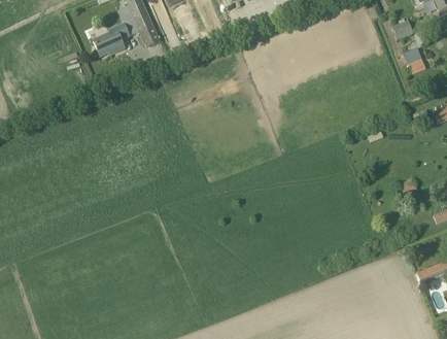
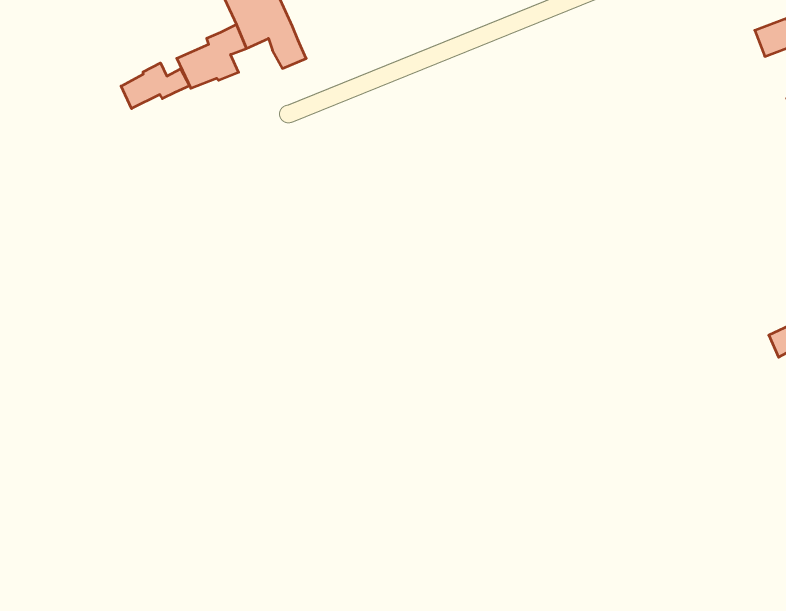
building: none -> [121,63,190,109]

